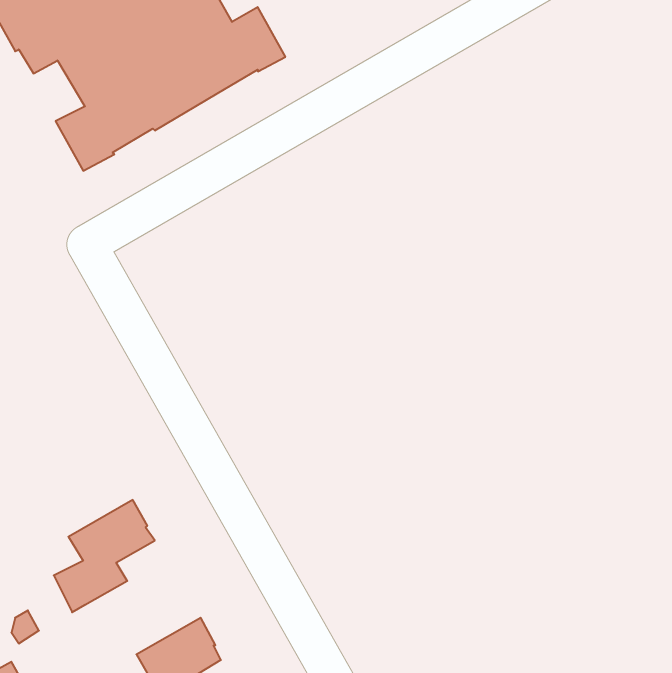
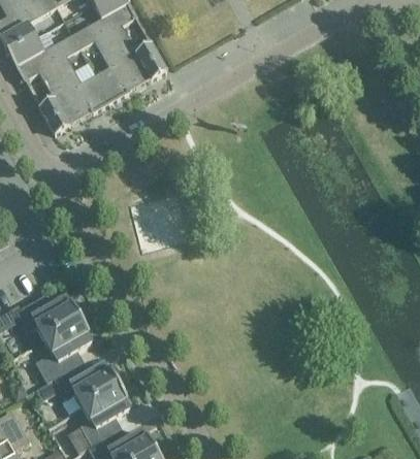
building: none -> [15,297,80,339]
building: none -> [54,363,119,405]

